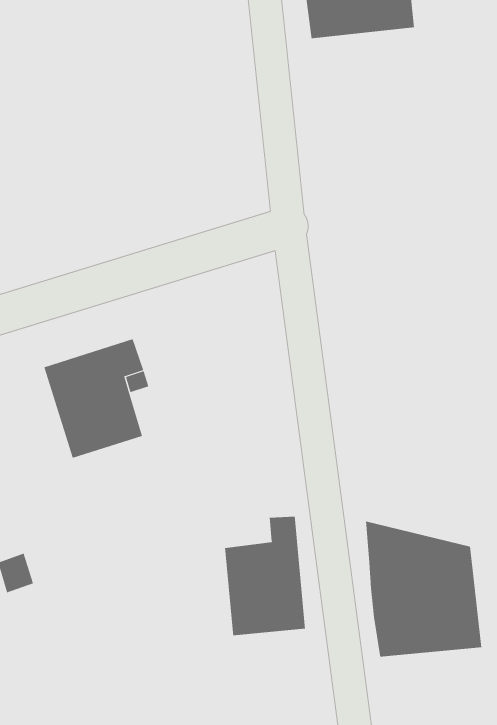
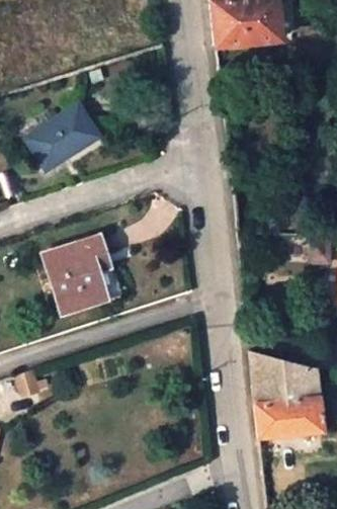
building: none -> [26,105,100,170]
building: [224,516,306,636] -> none

